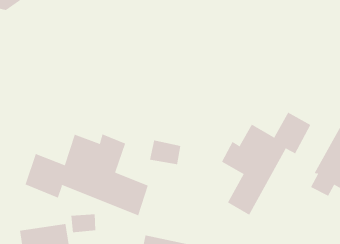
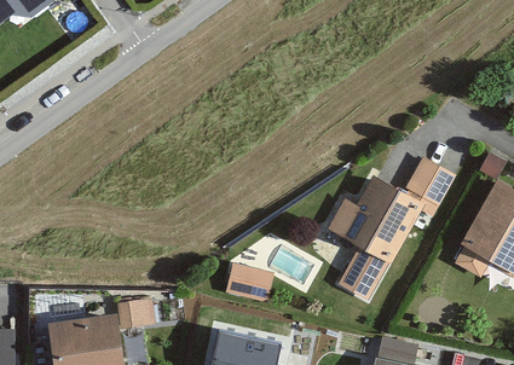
building: [25,134,149,216] -> none
building: [149,140,181,165] -> [227,265,272,300]

